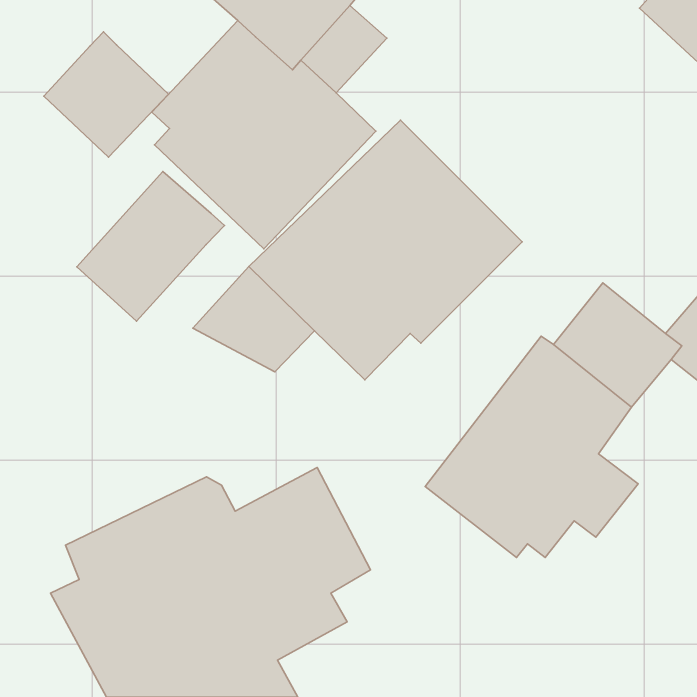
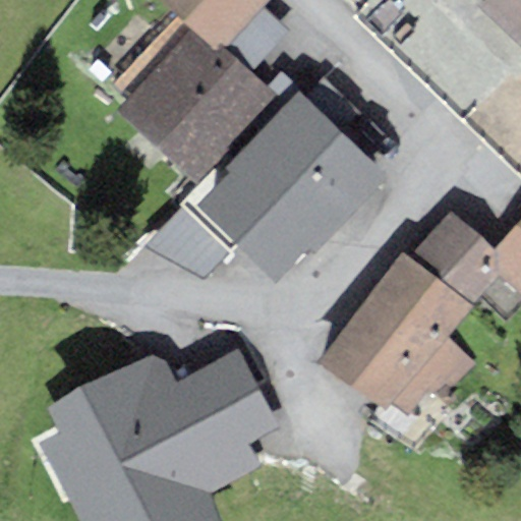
building: [44,32,169,157] -> none
building: [77,171,224,321] -> none

